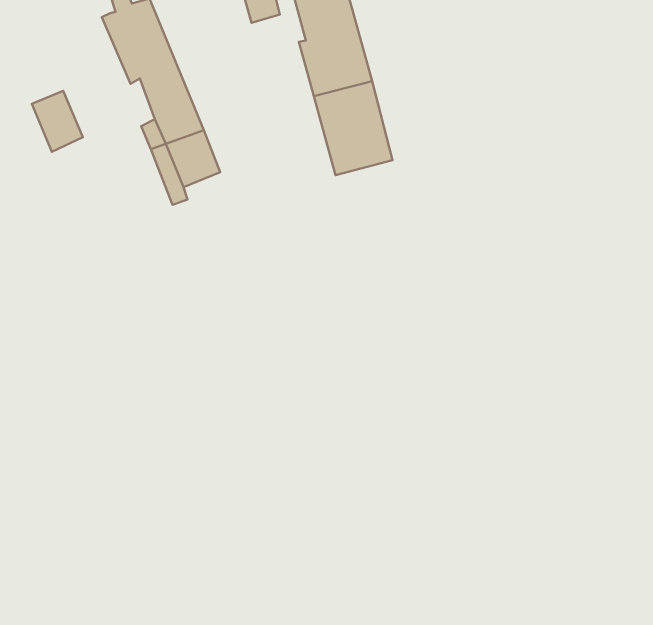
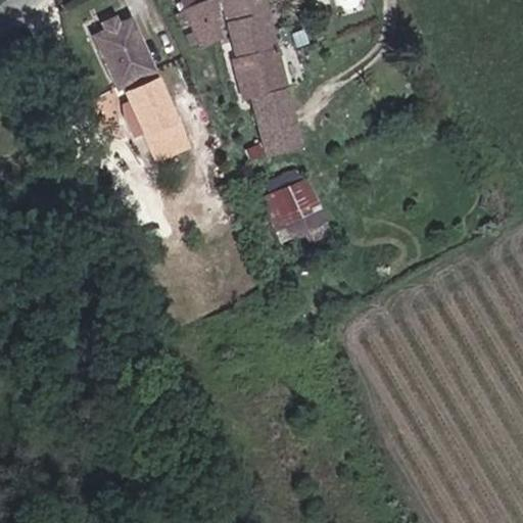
building: [32,91,83,152] -> none
building: none -> [259,172,326,238]

